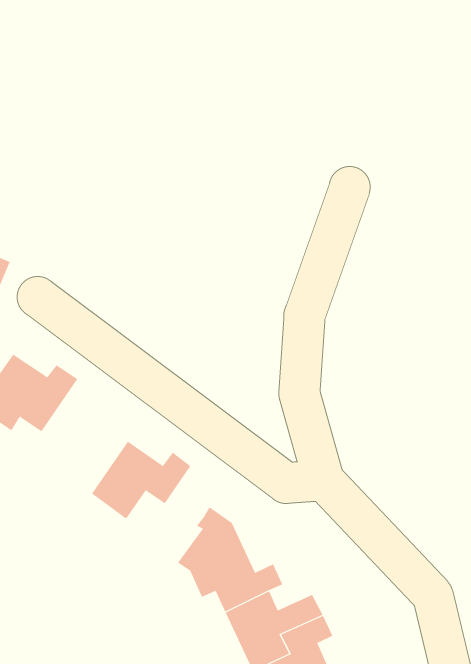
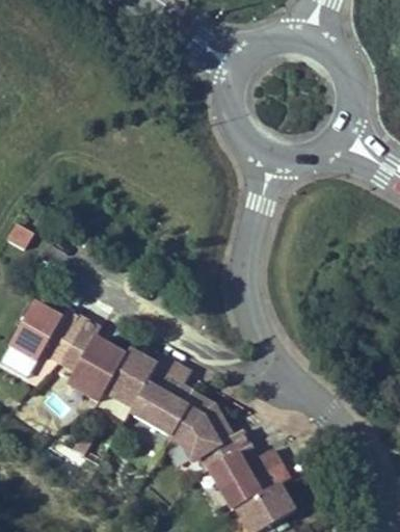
building: none -> [65,312,128,394]
building: none -> [130,368,190,438]

